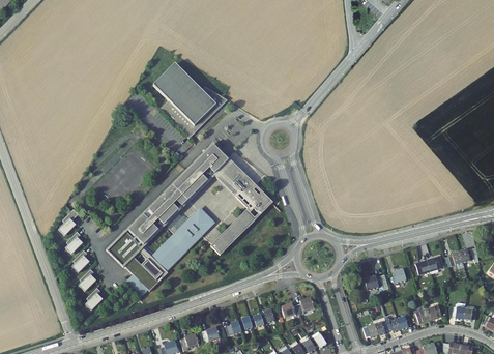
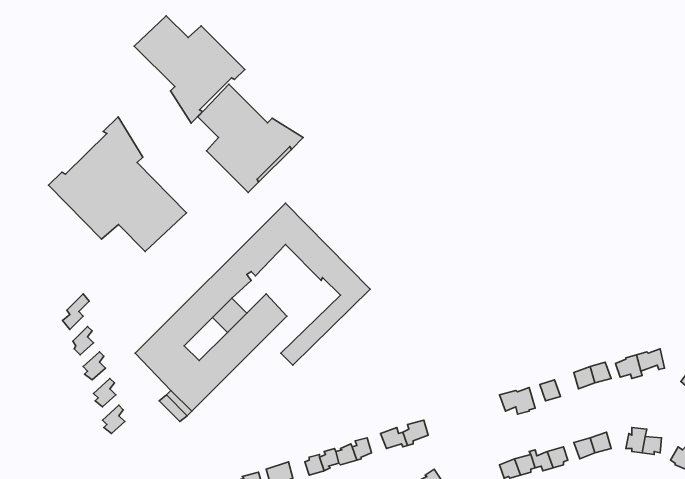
building: none -> [134,16,245,123]
building: none -> [49,117,186,252]

